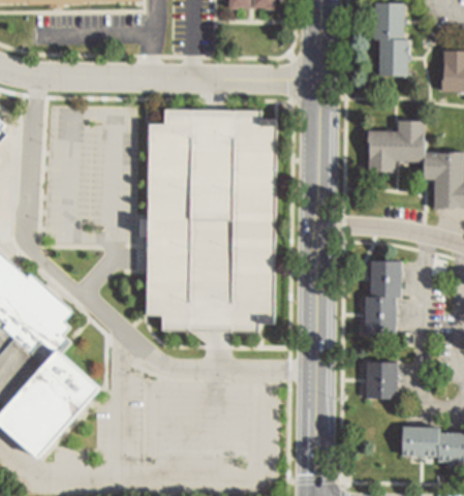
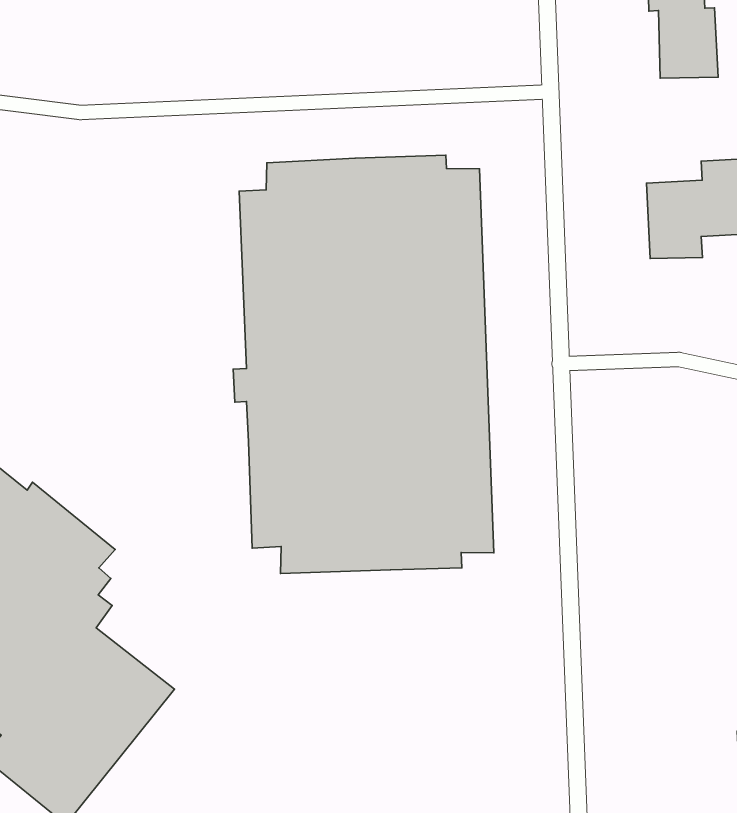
building: [364,260,402,334] -> none
building: [365,362,397,400] -> none

